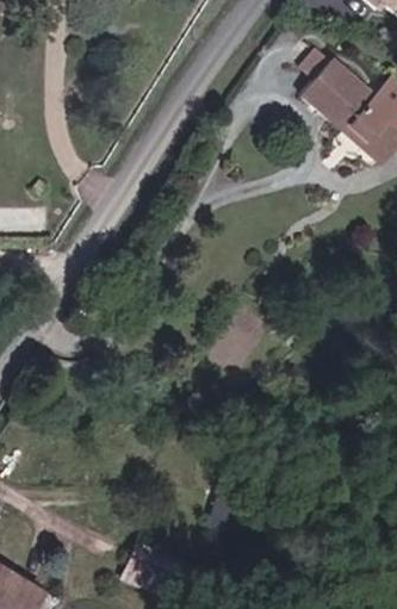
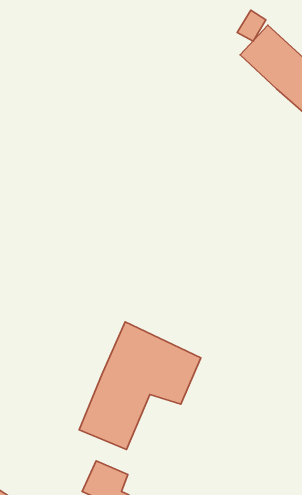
building: none -> [79,322,201,449]

